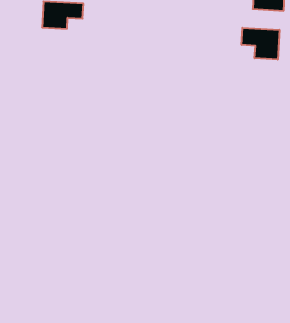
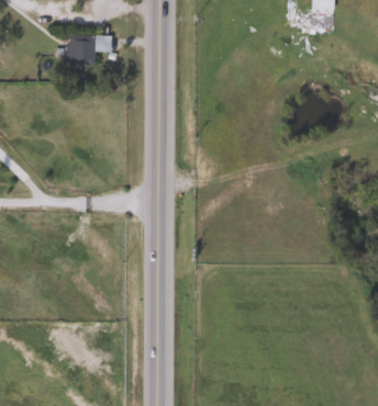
building: [242,28,279,60] -> none

